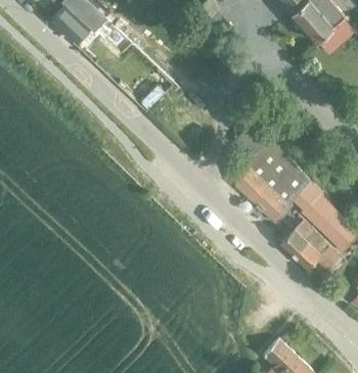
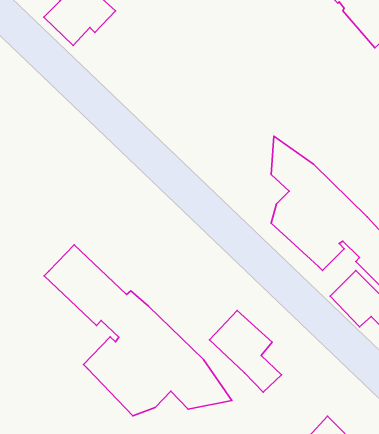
building: none -> [44,245,232,416]
building: none -> [210,311,281,392]

